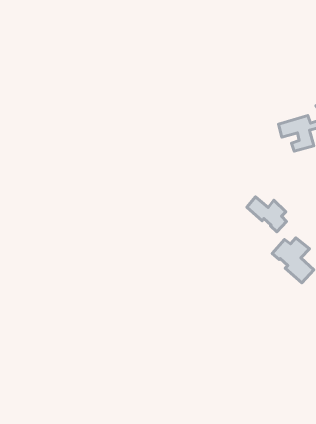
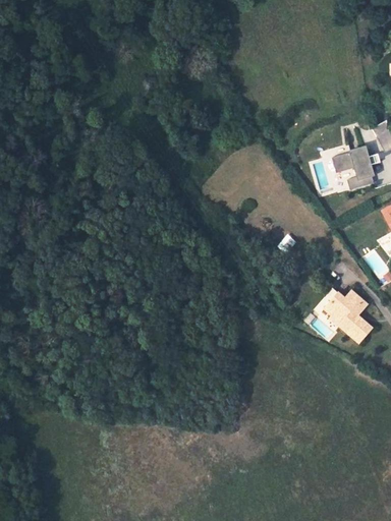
building: [247,197,286,232] -> none

